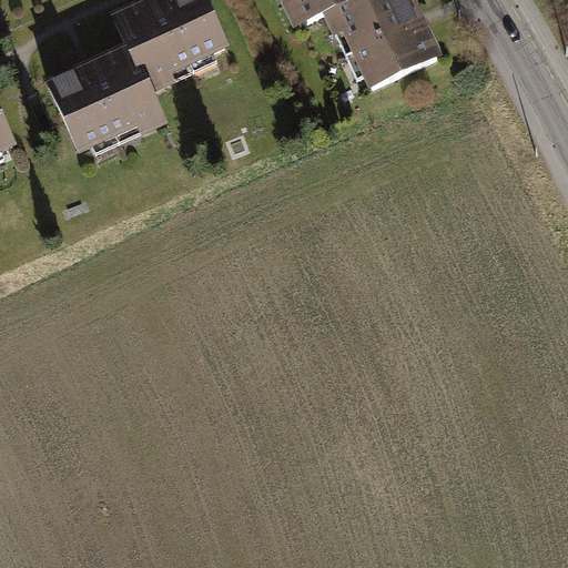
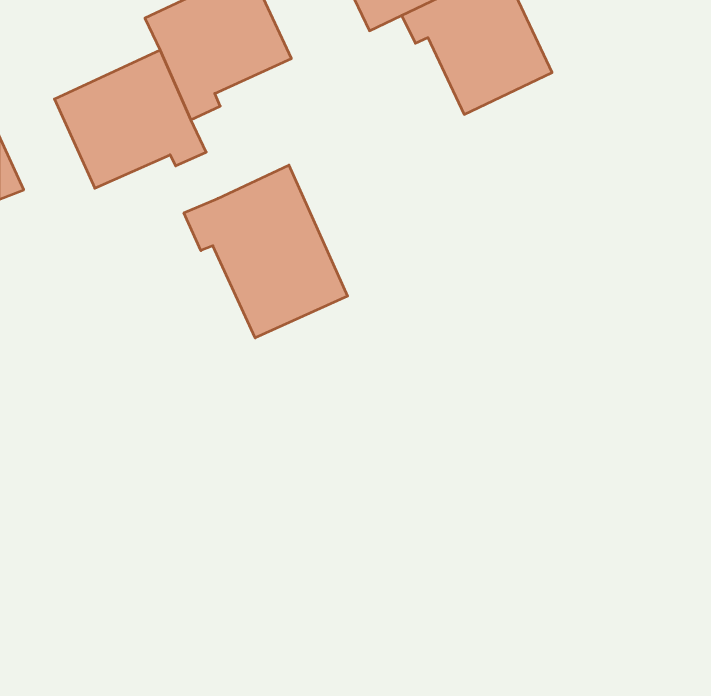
building: none -> [184,165,348,338]

